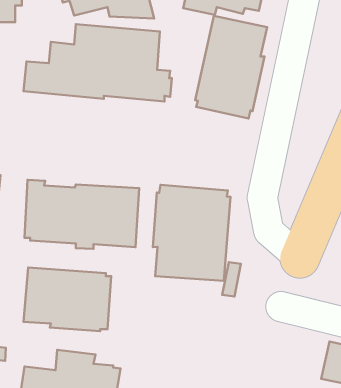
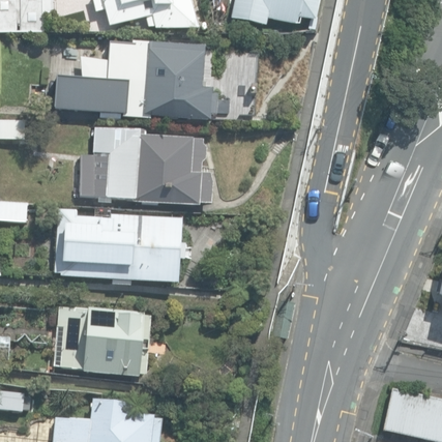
building: [195,16,267,119] -> none
building: none -> [78,124,211,202]
building: [153,185,230,281] -> none

